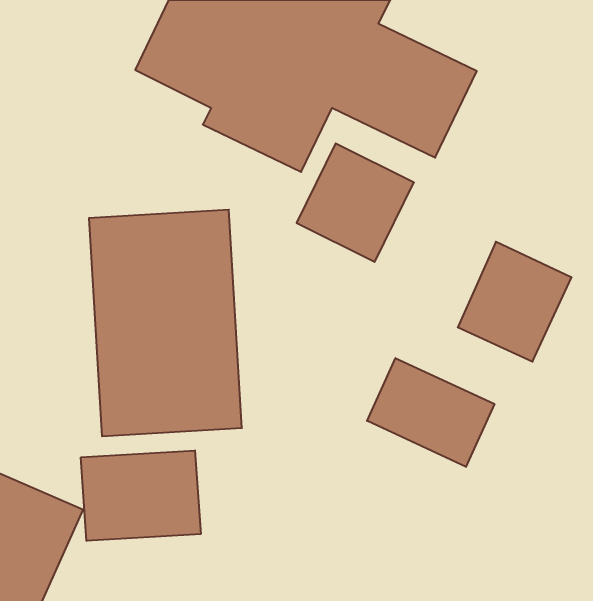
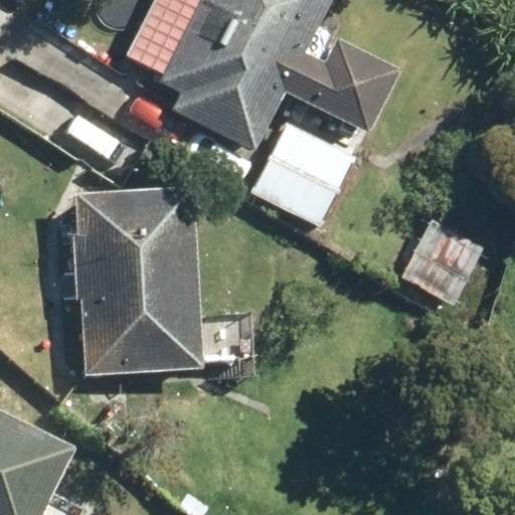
building: [367,358,494,467] -> none
building: [81,450,201,541] -> none

